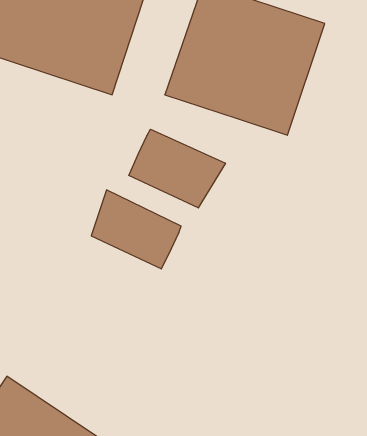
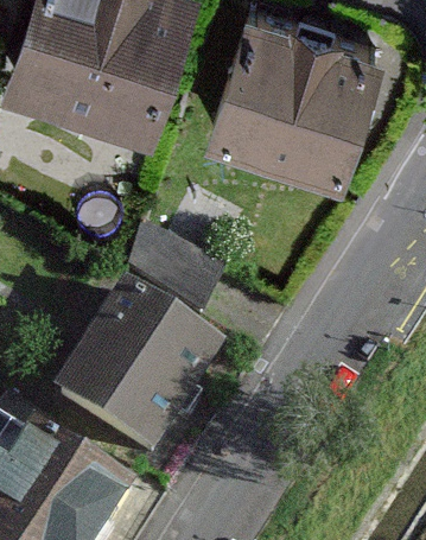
building: [129,129,225,208] -> none
building: none -> [55,305,217,471]

